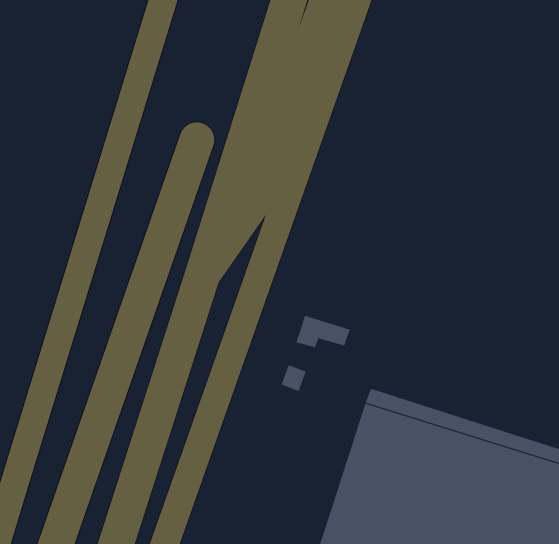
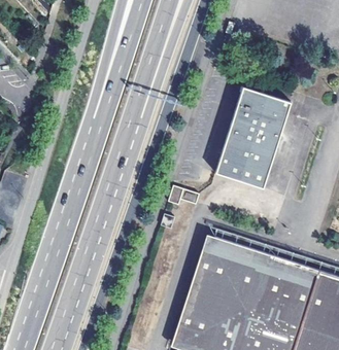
building: none -> [214,91,289,192]

